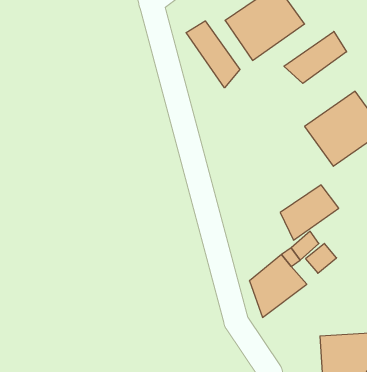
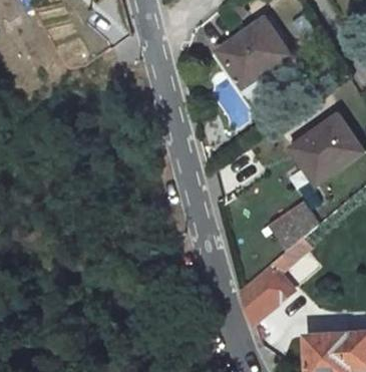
building: [186,21,240,88] -> none
building: [284,31,347,83] -> none

